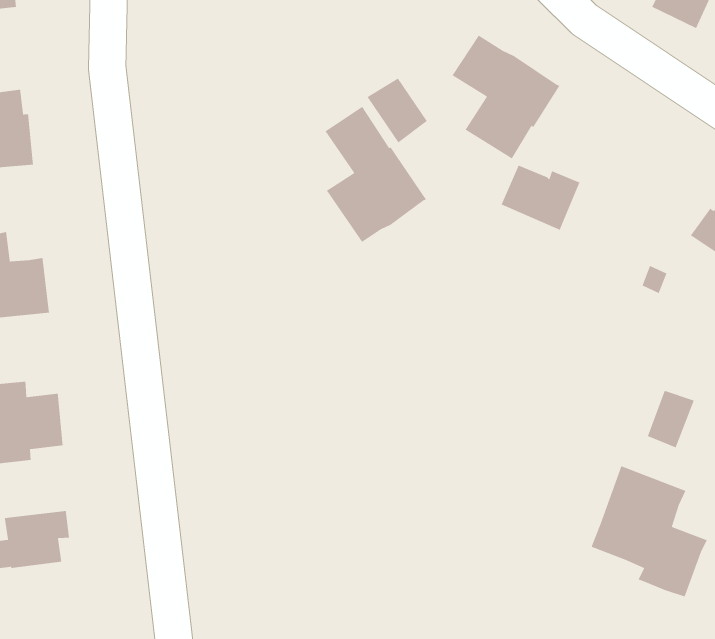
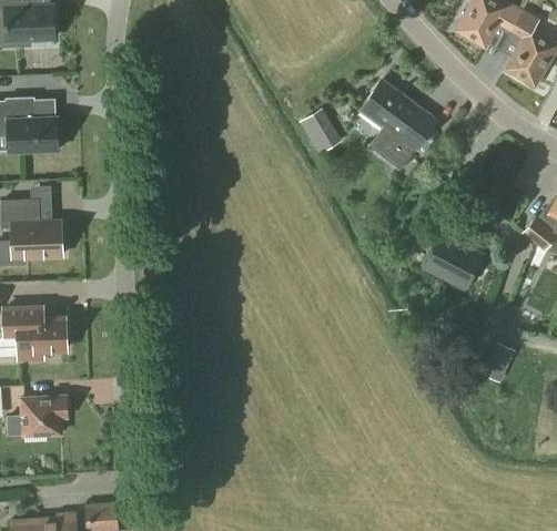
building: [325,106,427,243] -> none
building: [500,164,581,231] -> [424,239,482,288]
building: [590,465,708,598] -> none

